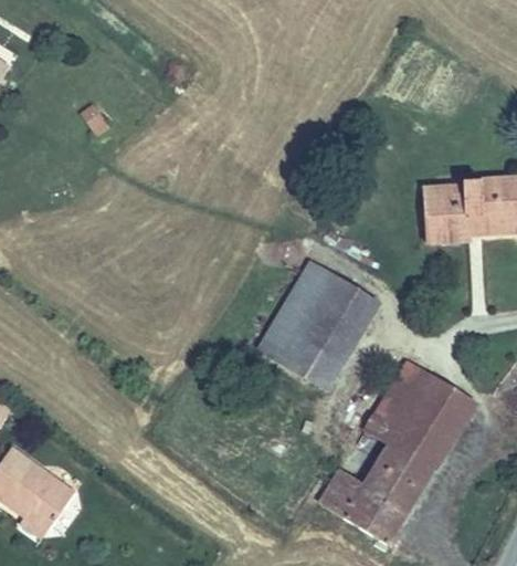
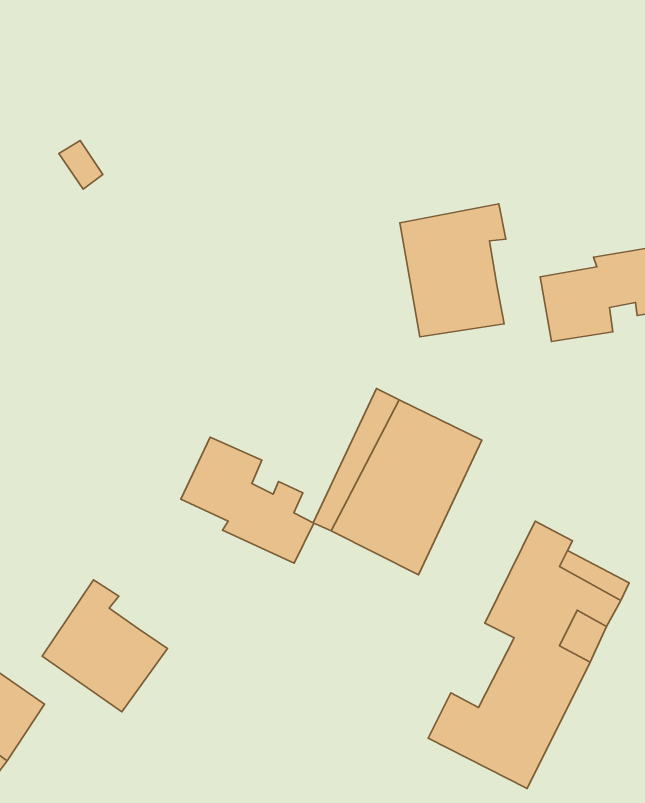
building: none -> [400,204,506,337]
building: none -> [181,437,314,563]
building: none -> [42,580,168,712]

